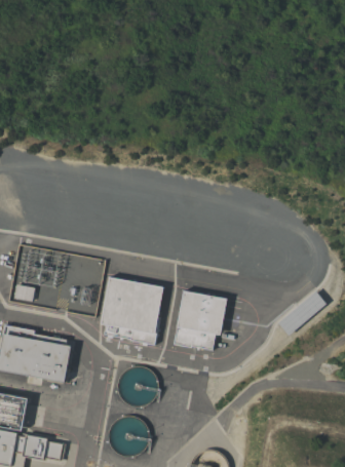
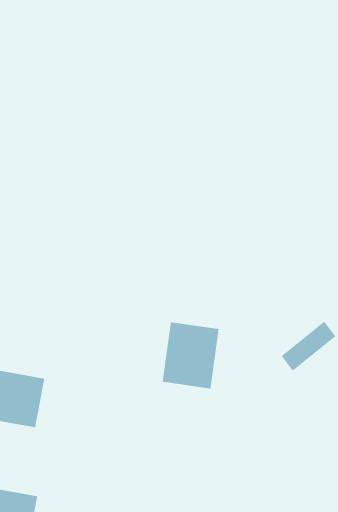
building: [100,277,163,343] -> none

